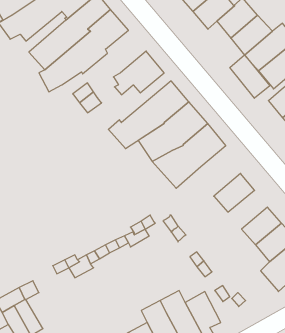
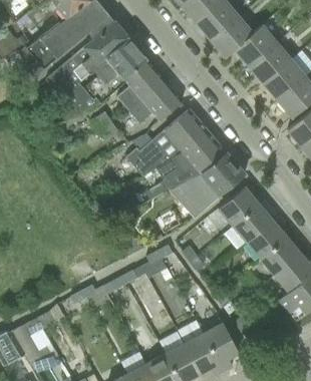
building: none -> [116,58,164,115]
building: [230,55,270,98] -> none
building: none -> [218,185,259,226]
building: none -> [246,220,286,259]

